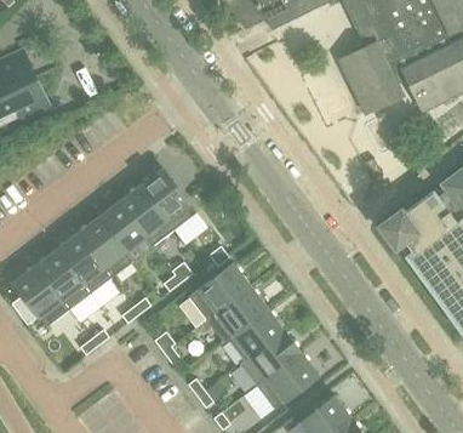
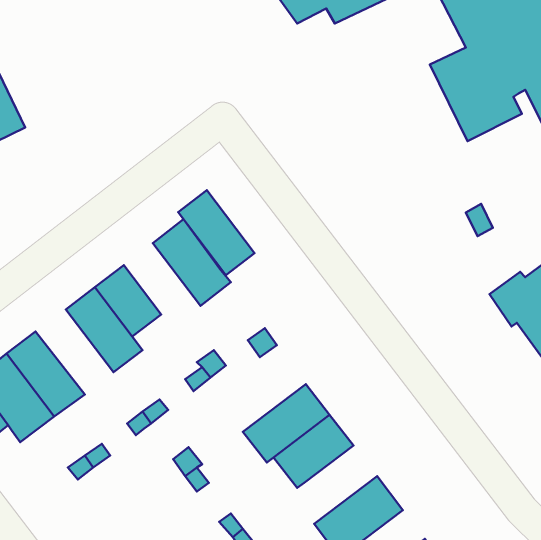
building: [120,186,175,246] -> [178,190,255,275]
building: [57,233,113,294] -> none
building: [189,263,250,320] -> none
building: [248,330,301,378] -> none

